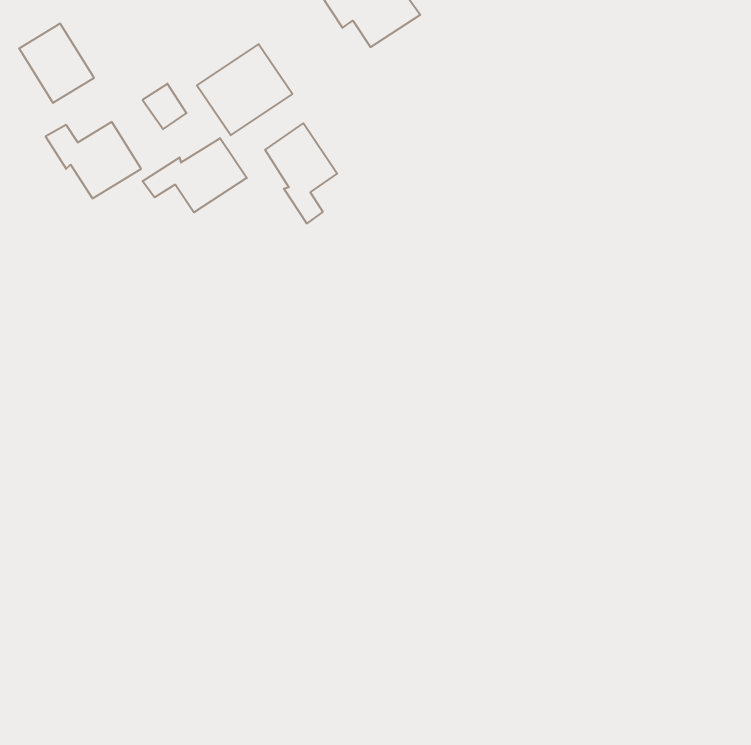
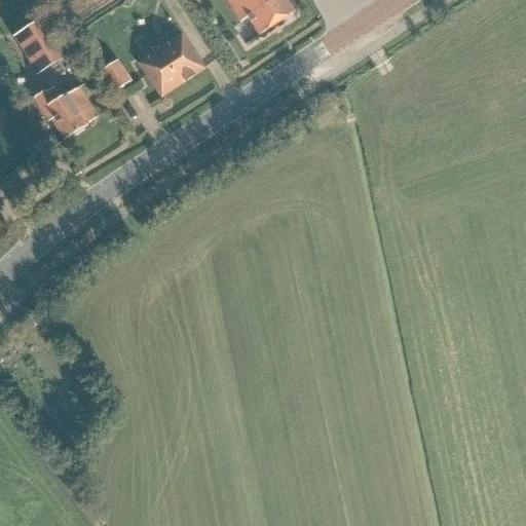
building: [265,123,337,224] -> none
building: [143,138,247,212] -> none

